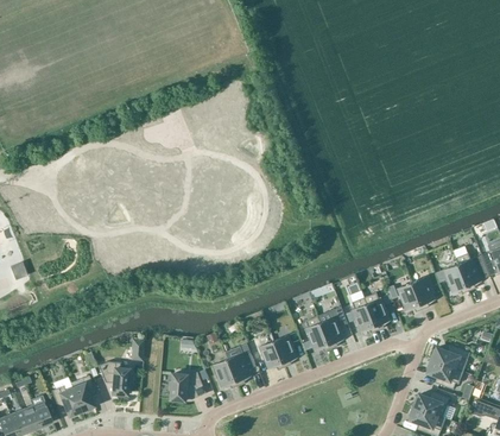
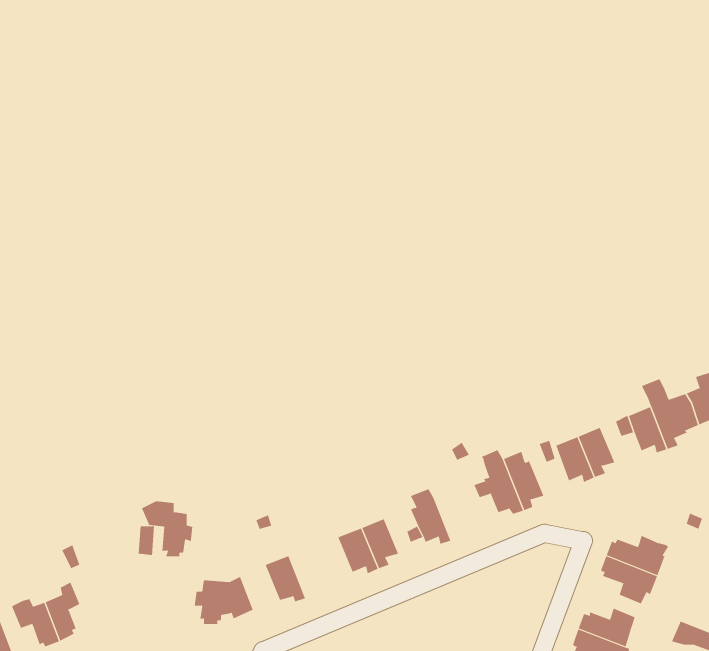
building: [317,307,347,349] -> none
building: [224,343,254,386] -> none
building: [99,361,132,397] -> [141,501,193,557]

